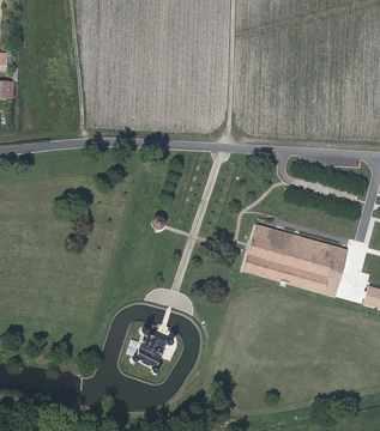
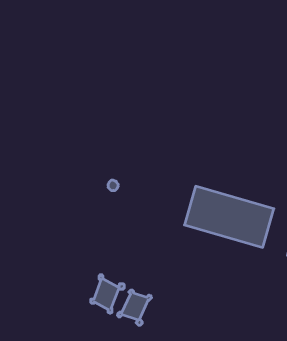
building: none -> [117,290,152,325]

